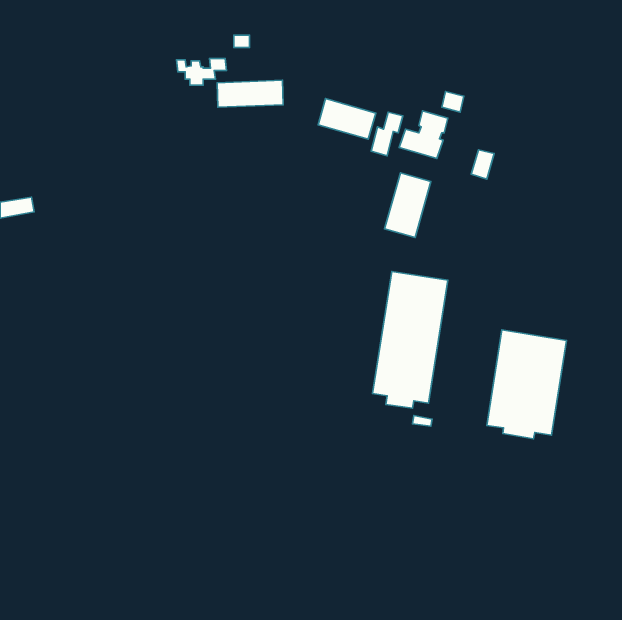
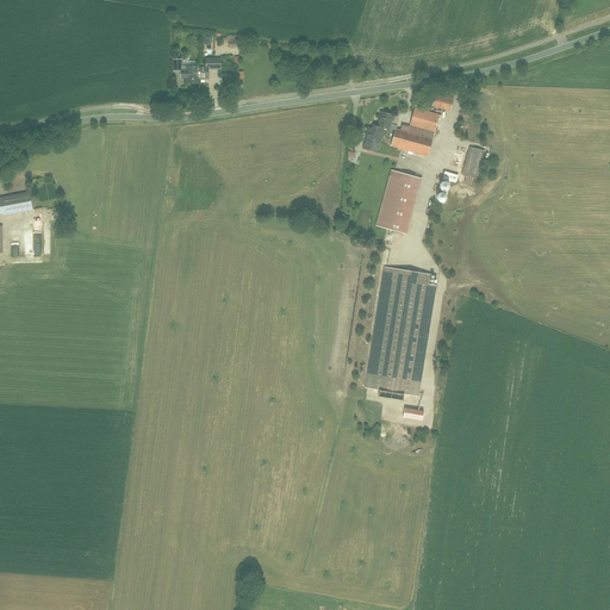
building: [217,80,283,107] -> none
building: [318,99,376,139] -> none
building: [487,330,566,439] -> none

